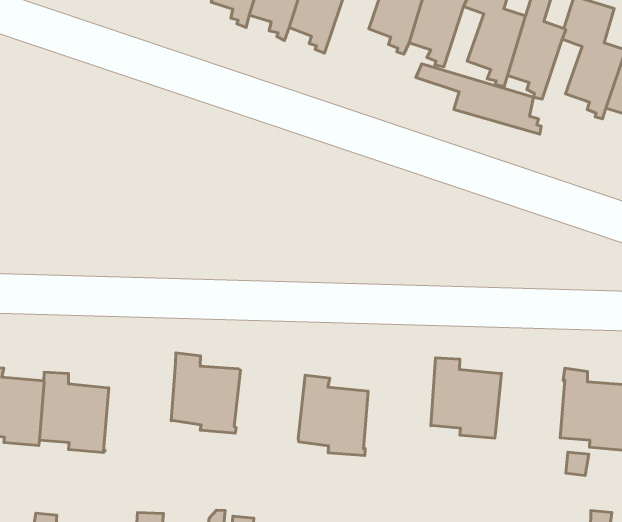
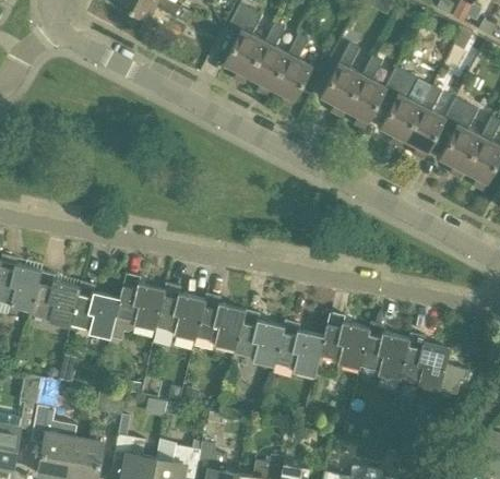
building: [416,64,541,134] -> none
building: none -> [110,273,165,339]
building: none -> [195,292,246,349]
building: none -> [360,322,409,380]
building: none -> [275,320,324,376]

